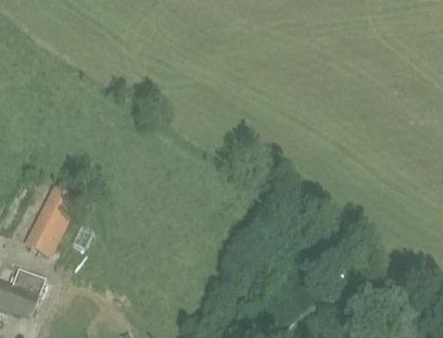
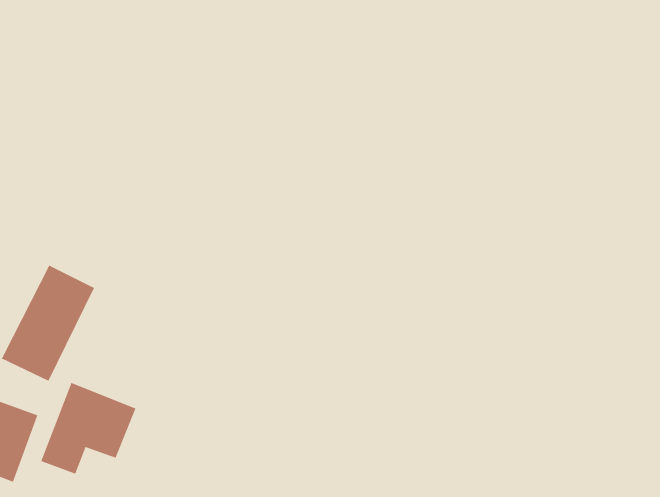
building: none -> [40,382,136,475]

